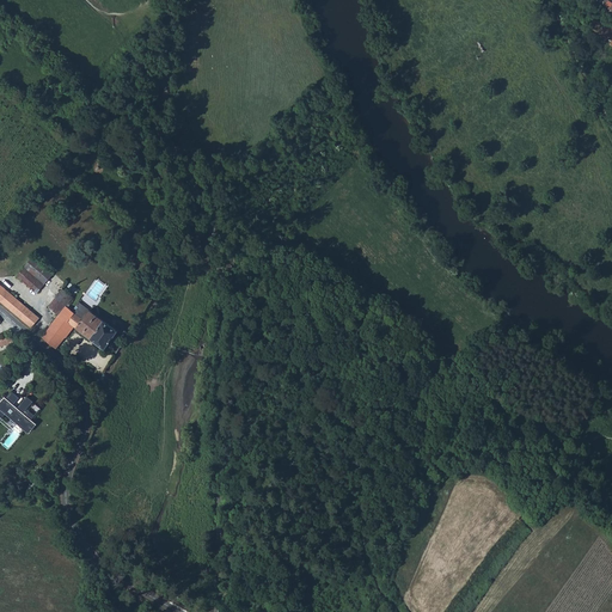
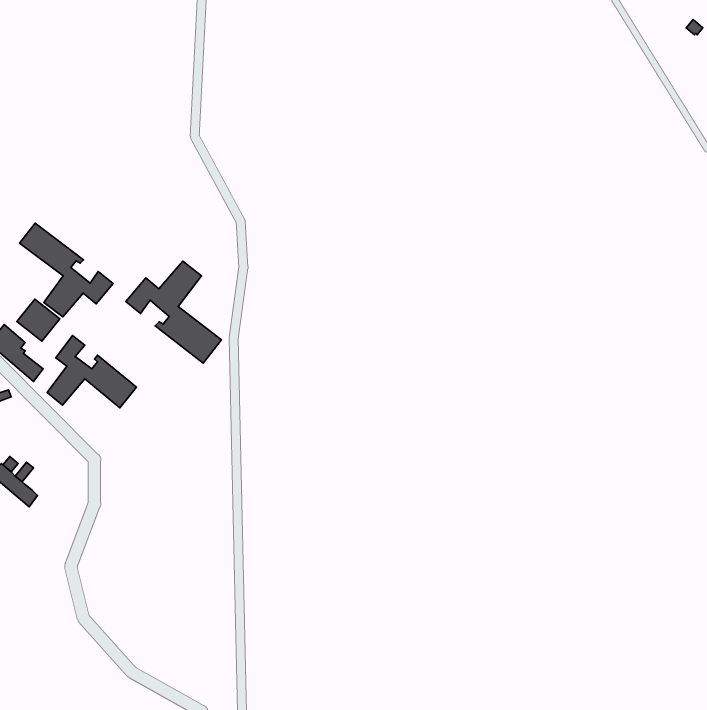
building: none -> [20,223,113,317]
building: none -> [126,261,222,363]

